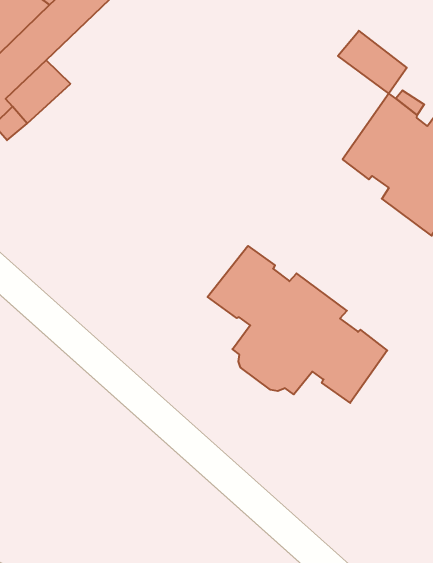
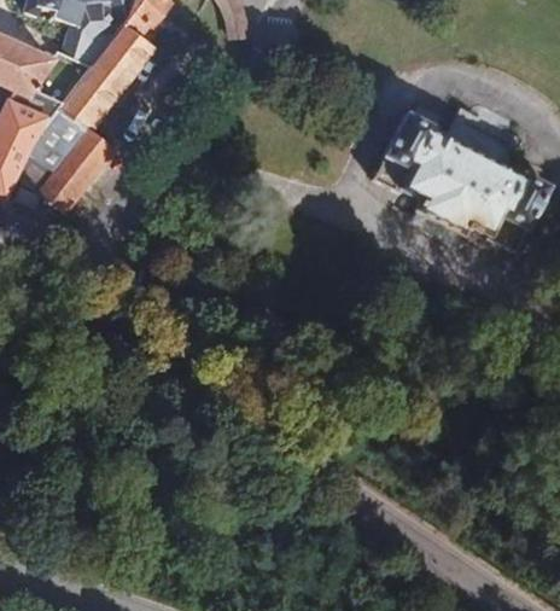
building: [338,31,407,94] -> none
building: [208,246,387,403] -> none

